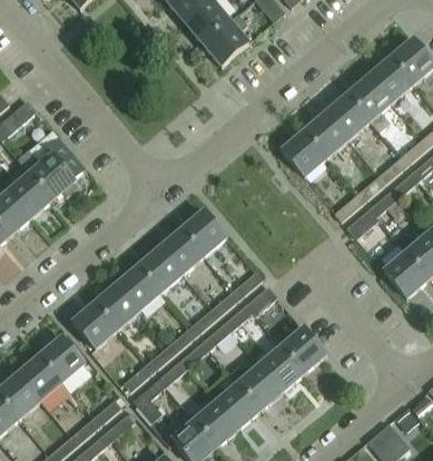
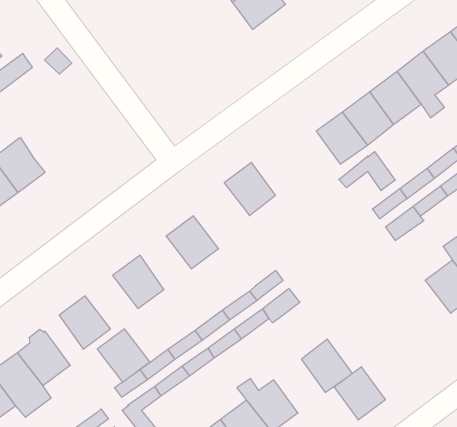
building: [18,136,85,199] -> none
building: none -> [339,152,395,191]
building: [181,209,226,255] -> [224,162,276,216]
building: [138,247,183,293] -> none
building: [94,284,139,330] -> [97,329,150,382]
building: [259,345,304,391] -> [334,367,385,420]

